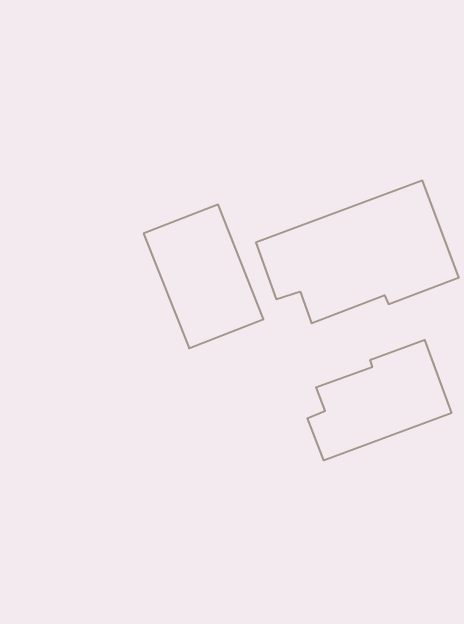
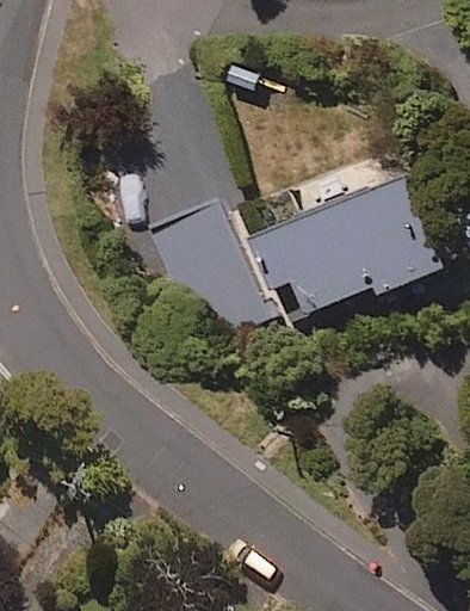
building: [307,340,451,460] -> none

